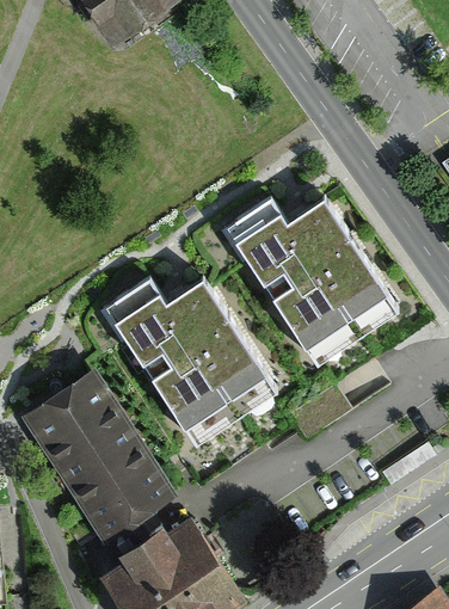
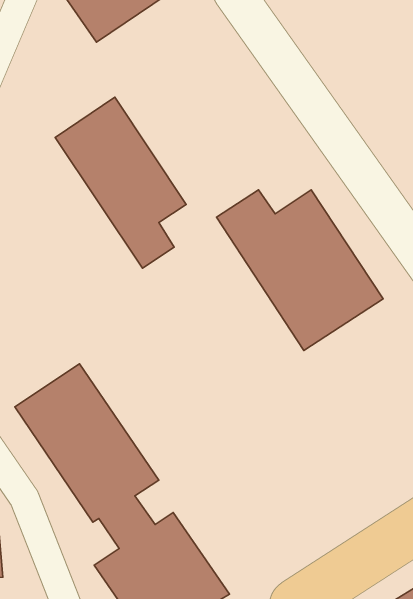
building: none -> [55,97,186,268]
building: [106,279,272,439] -> none

